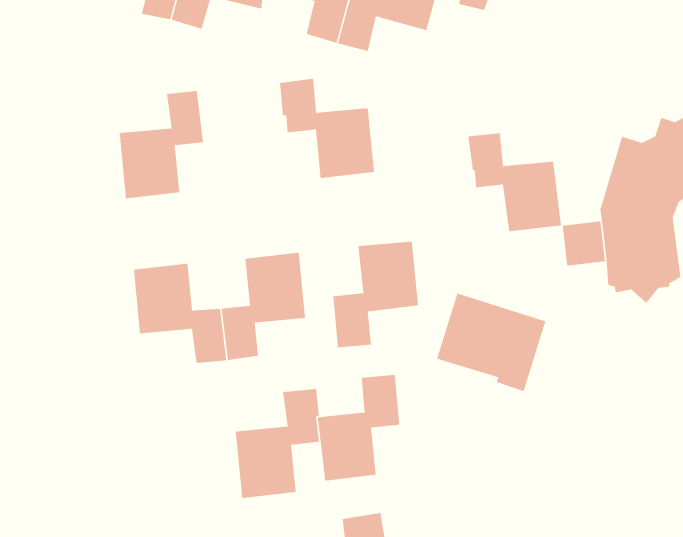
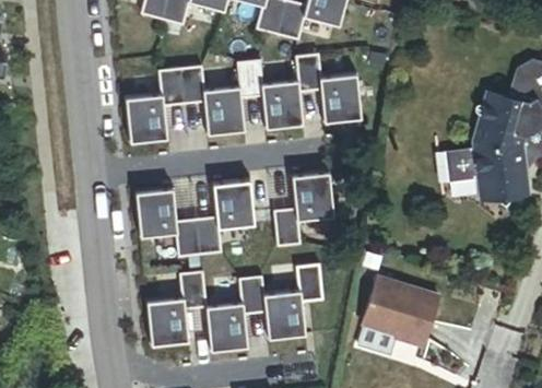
building: none -> [181,64,247,133]
building: [468,133,562,232] -> [296,52,362,121]
building: [436,293,546,392] -> [358,277,435,345]
building: none -> [148,270,209,345]

